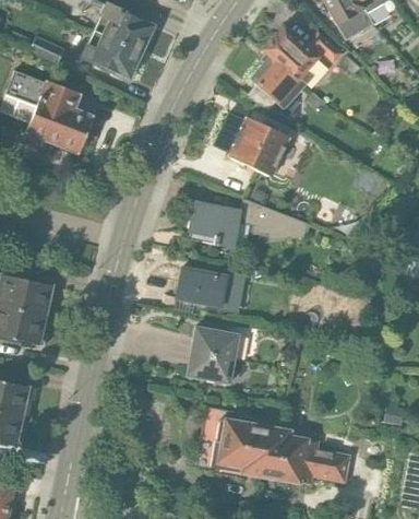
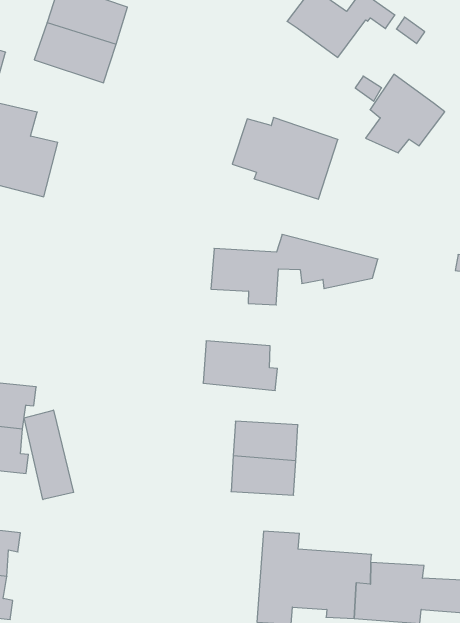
building: [247,55,304,110] -> [366,74,445,153]
building: none -> [24,410,74,500]

